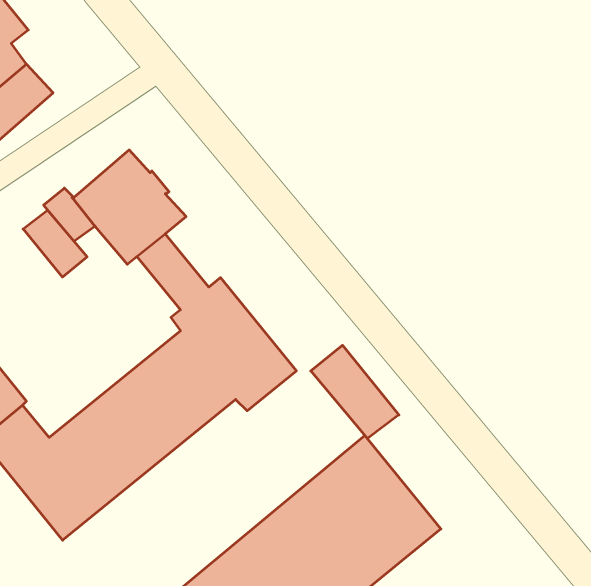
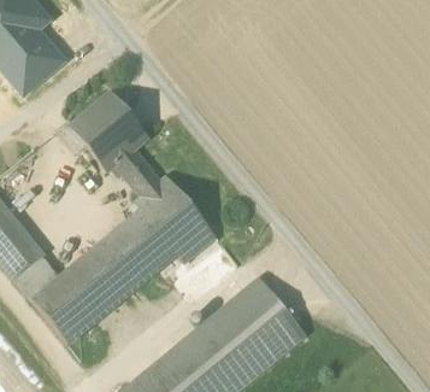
building: [23,210,87,277] -> none
building: [311,345,399,439] -> none

